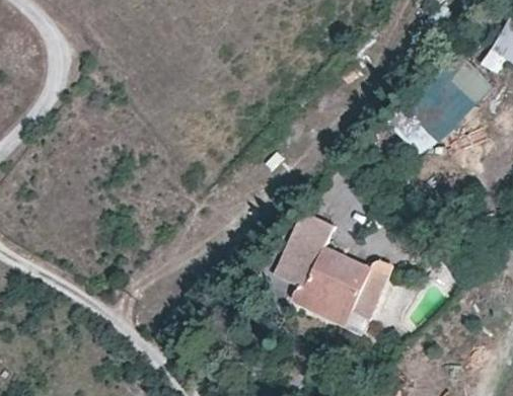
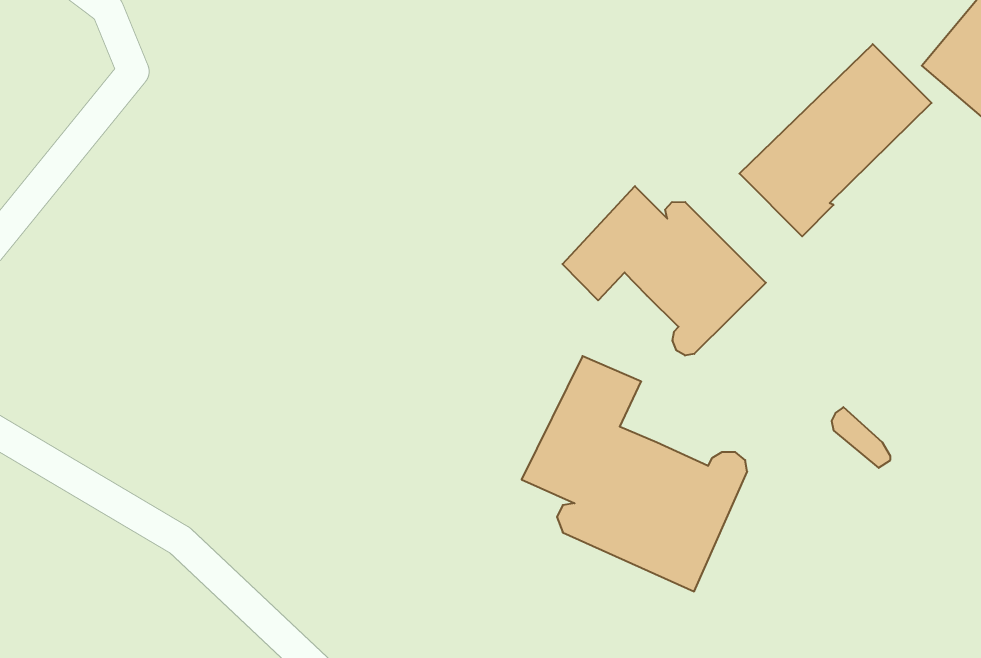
building: none -> [562,186,766,356]

